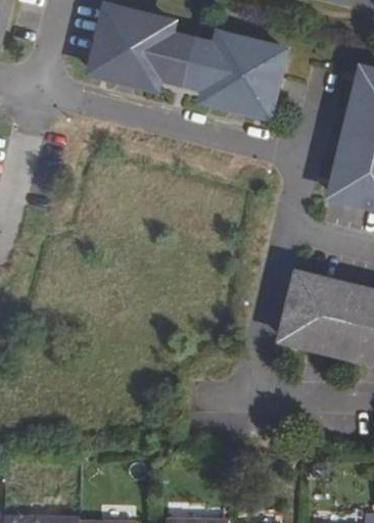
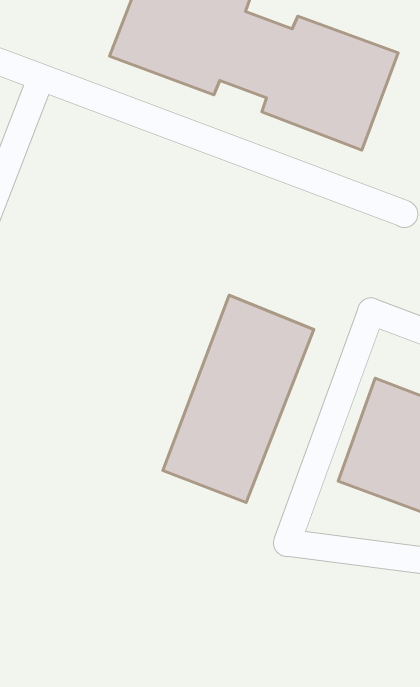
building: none -> [163,295,314,502]

